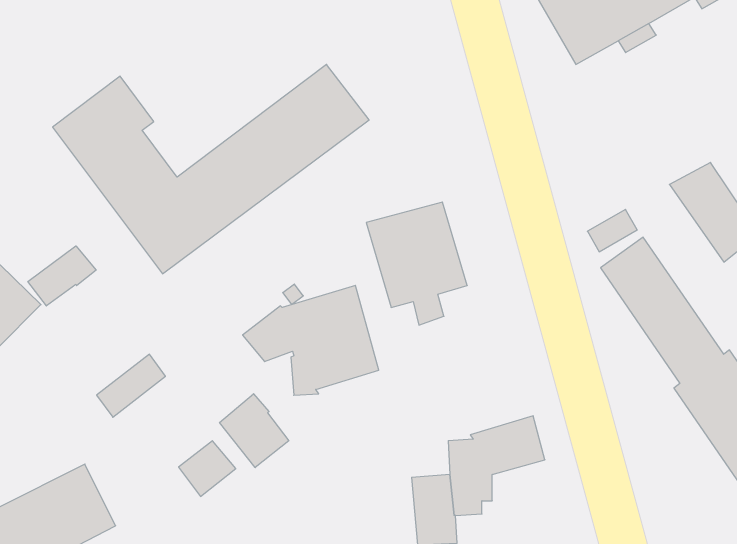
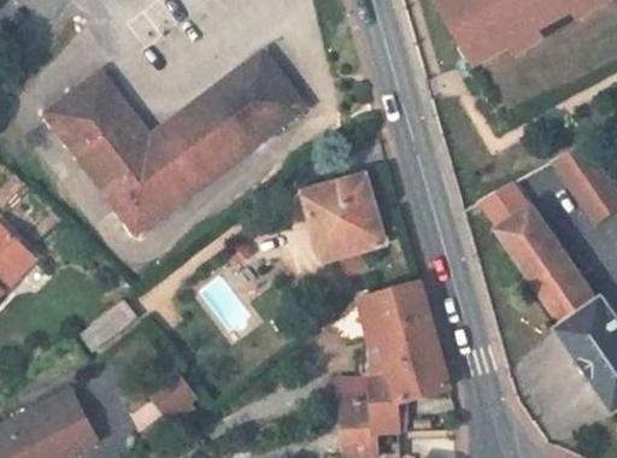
building: none -> [117,52,269,154]
building: [28,246,96,306] -> none
building: [243,285,379,395] -> [327,281,439,371]
building: [220,394,289,468] -> none

